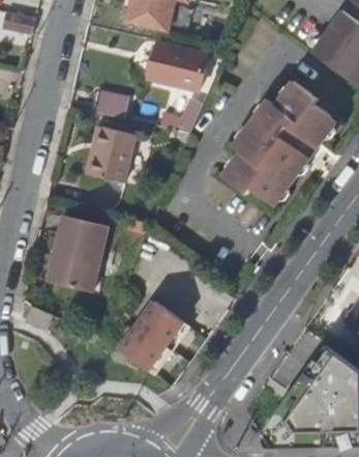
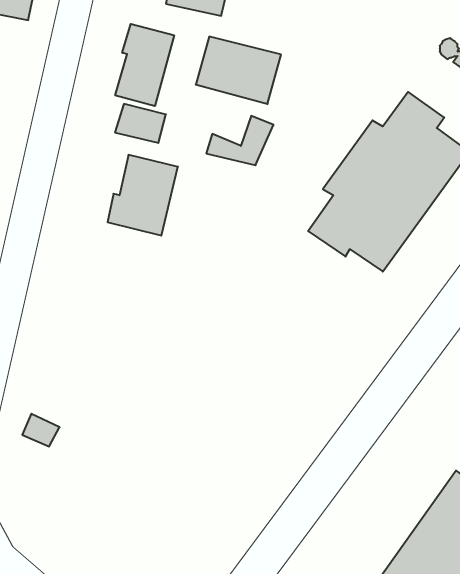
building: none -> [115,24,174,106]
building: [54,216,107,290] -> none
building: [119,299,184,370] -> none

